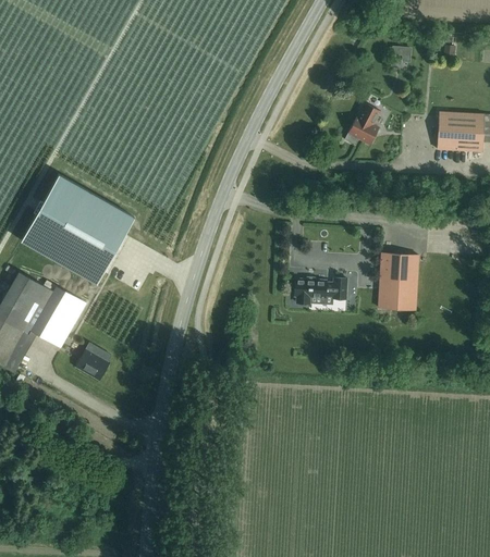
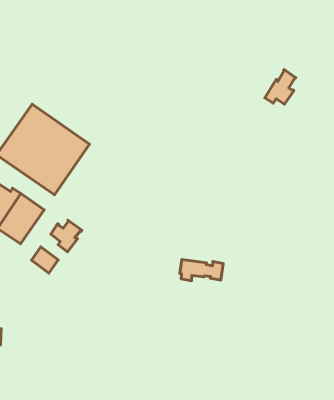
building: [378,253,418,310] -> none
building: [294,278,346,305] -> [180,260,223,281]
building: none -> [51,220,82,252]

